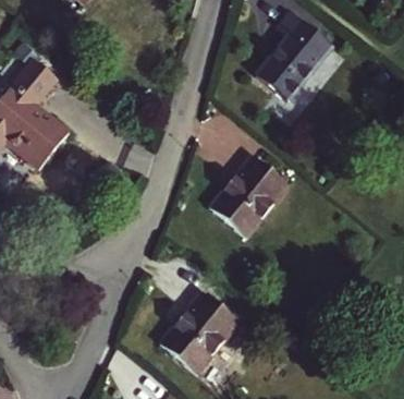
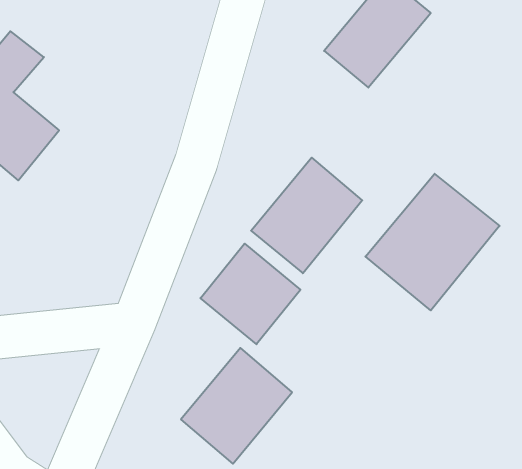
building: none -> [365,174,500,310]
building: none -> [200,244,300,344]

